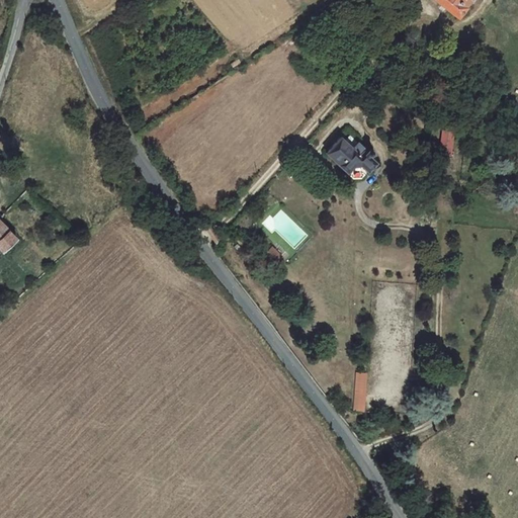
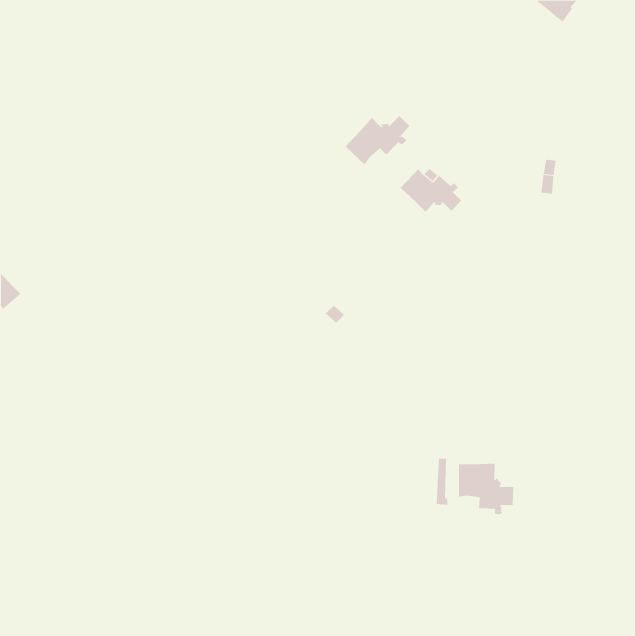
building: none -> [345,115,410,165]
building: none -> [458,463,514,516]

